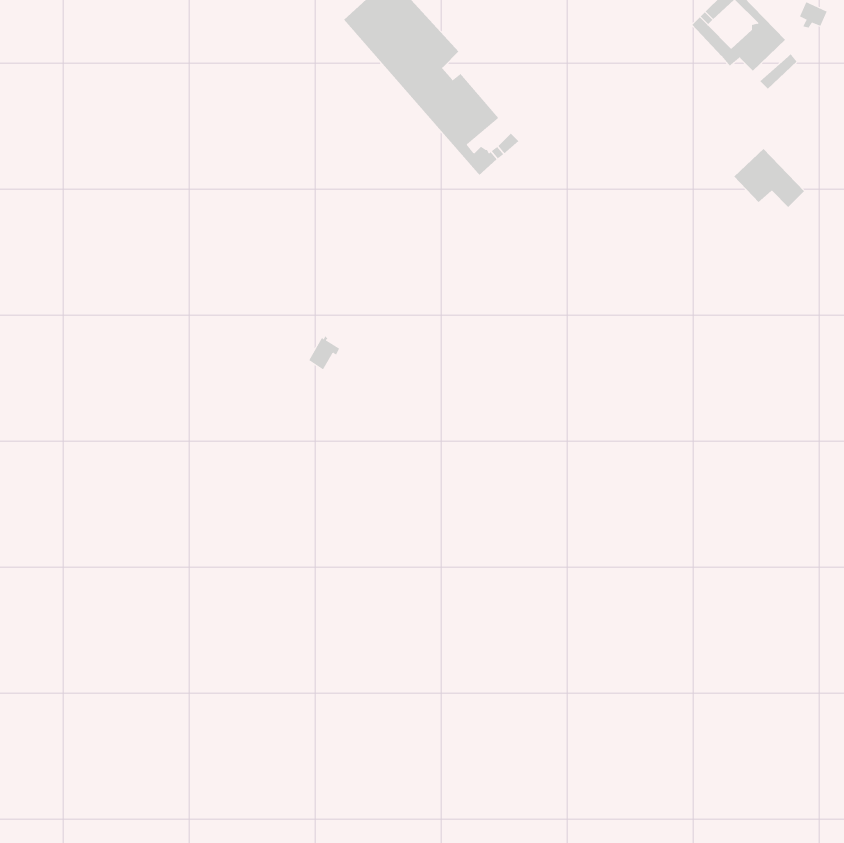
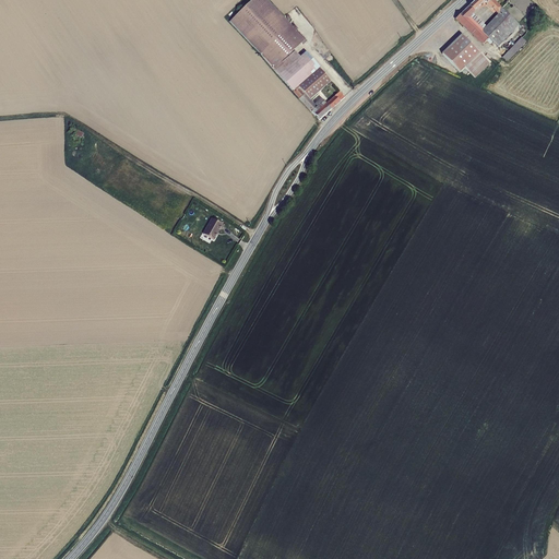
building: [734,148,805,208] -> [440,34,487,73]

